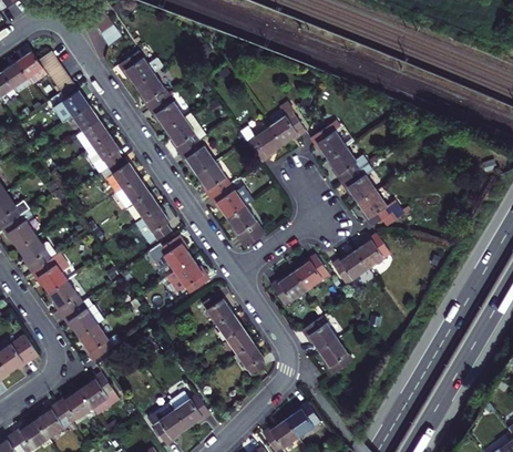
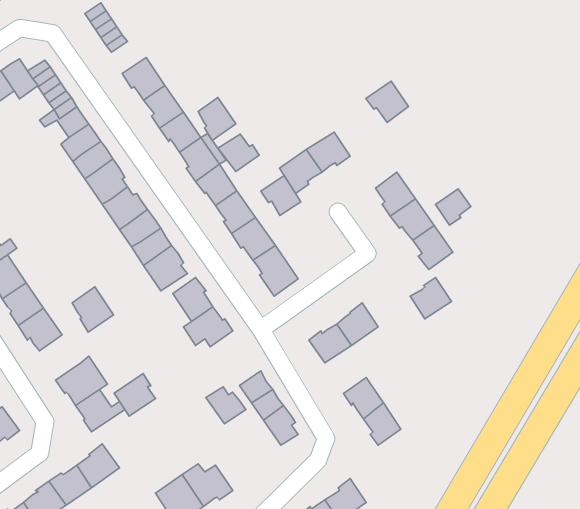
building: none -> [198,98,236,140]
building: none -> [218,134,259,172]
building: [310,125,346,160] -> [366,81,409,122]
building: none -> [261,176,301,216]
building: none -> [436,189,471,225]
building: [334,249,369,282] -> none
building: [49,281,83,319] -> [72,287,113,332]
building: [199,292,233,323] -> [206,387,246,424]
building: none -> [114,374,155,416]

